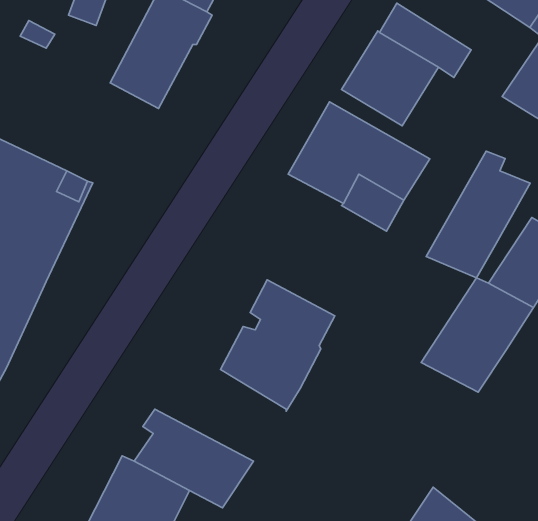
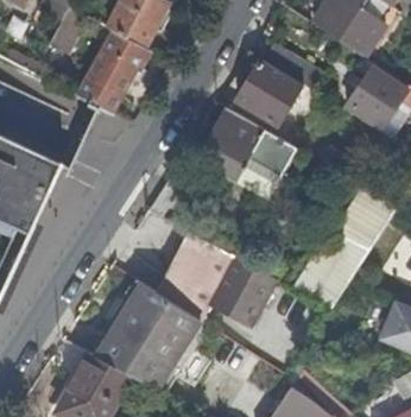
building: [426,151,530,278] -> none
building: none -> [208,255,277,328]
building: none -> [108,279,198,355]

